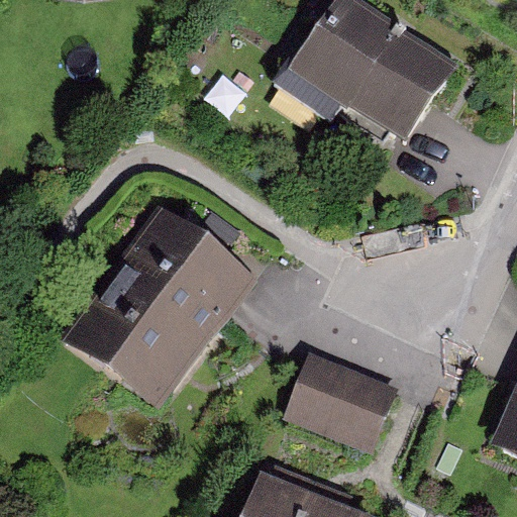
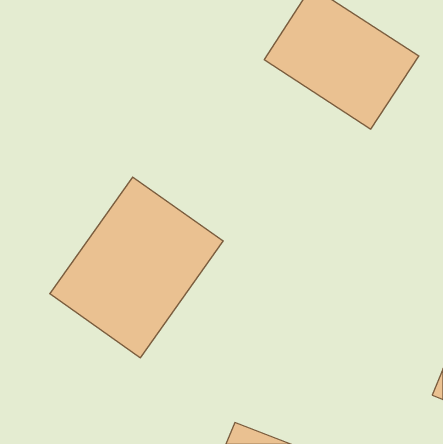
building: [283,358,393,453] -> none

